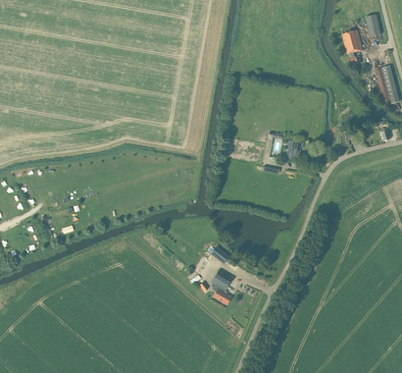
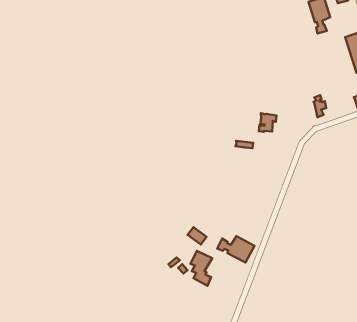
building: none -> [217,236,255,263]

